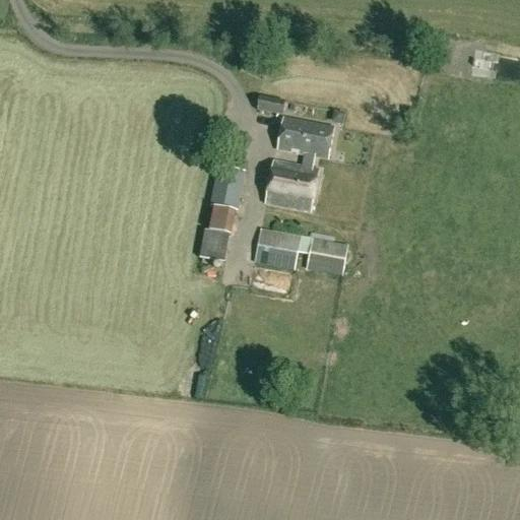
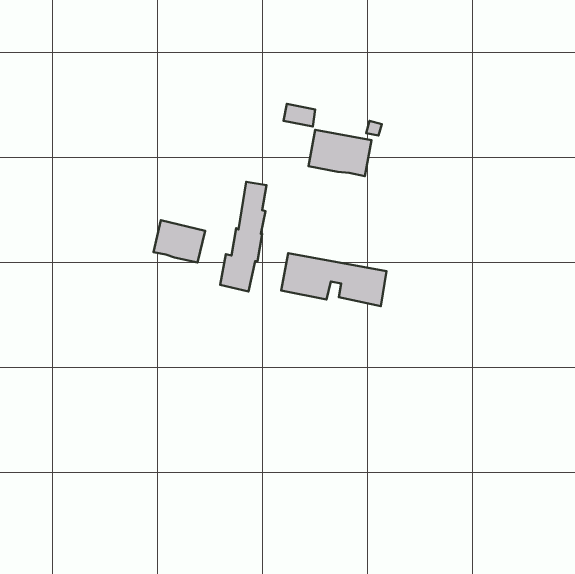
building: [265,154,318,211] -> none
building: none -> [153,220,205,263]

